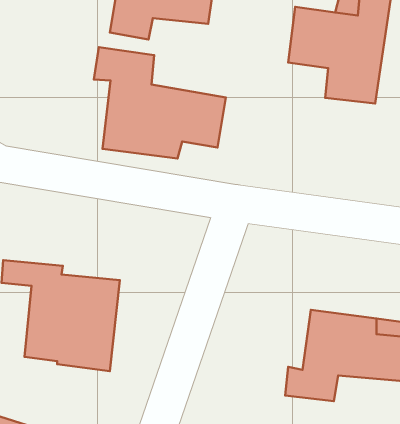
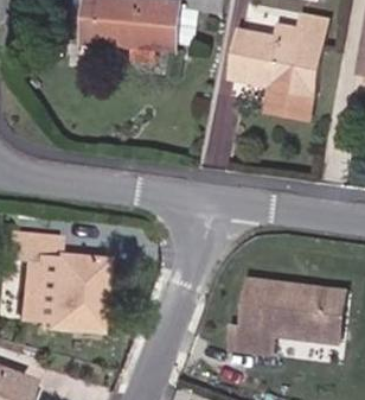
building: [94,47,226,159] -> none

